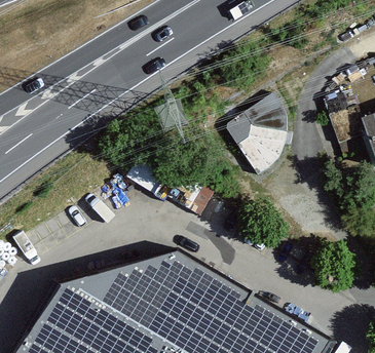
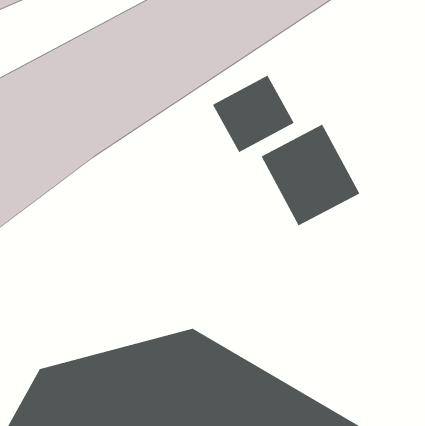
building: none -> [212,74,295,153]

